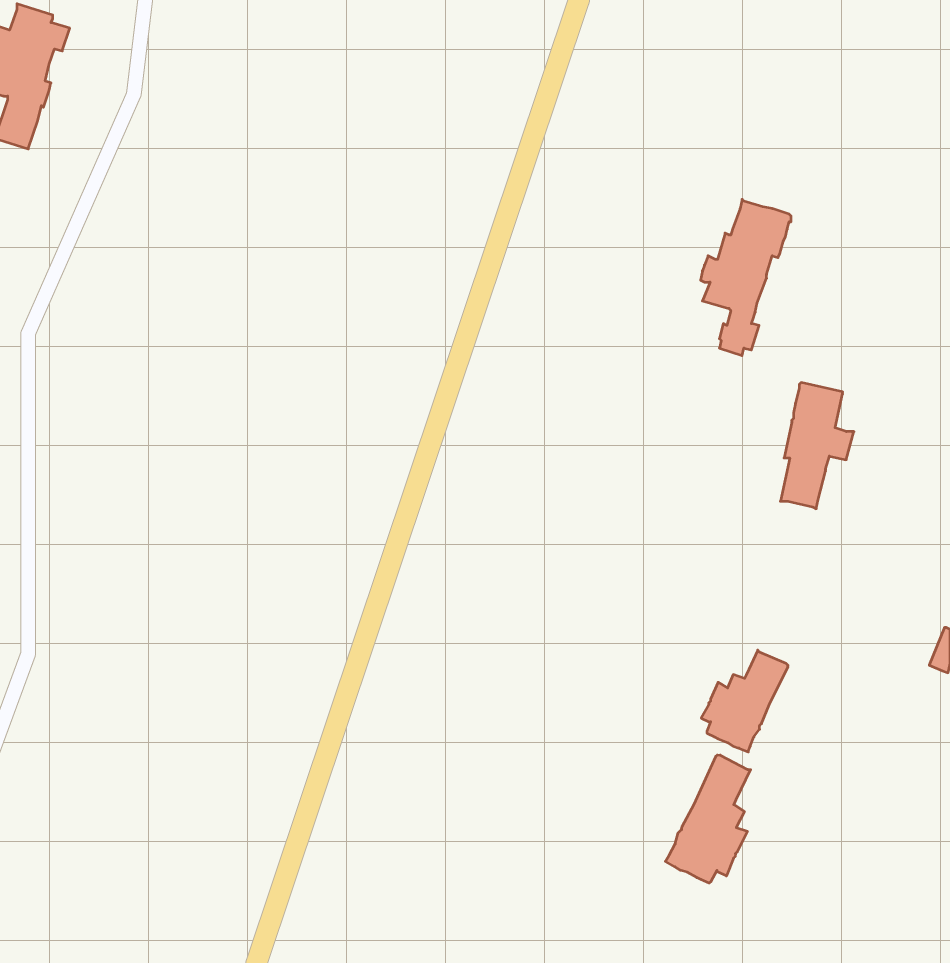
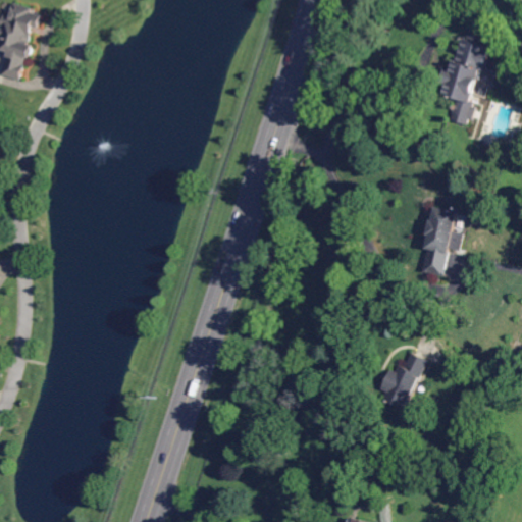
building: [701,199,791,356] -> [438,39,487,123]
building: [665,755,751,883] -> none

